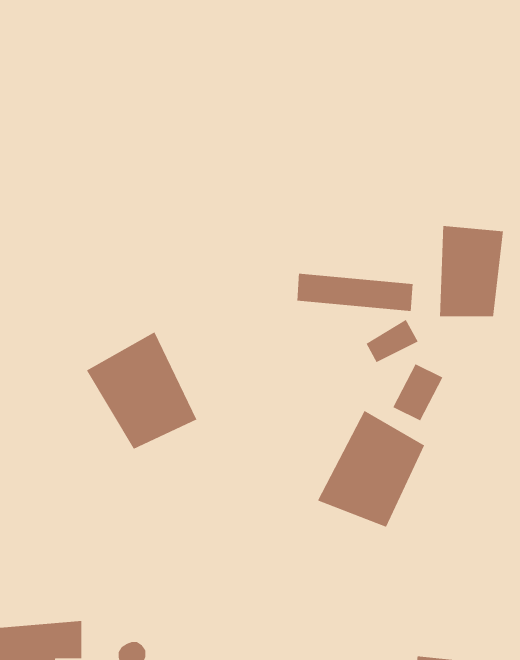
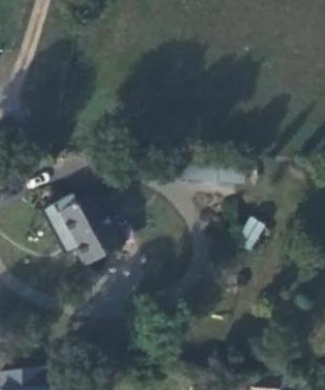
building: [439,225,504,317] -> none
building: [317,410,425,528] -> none

